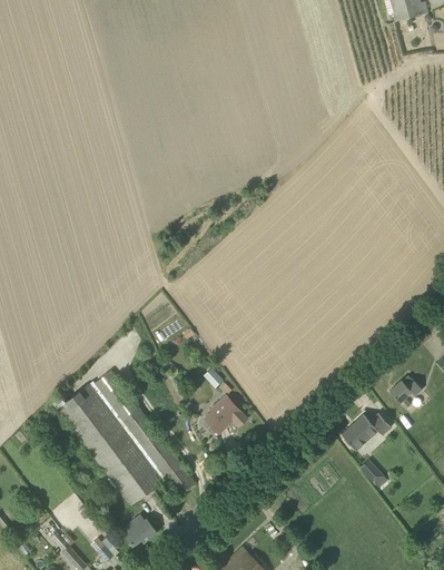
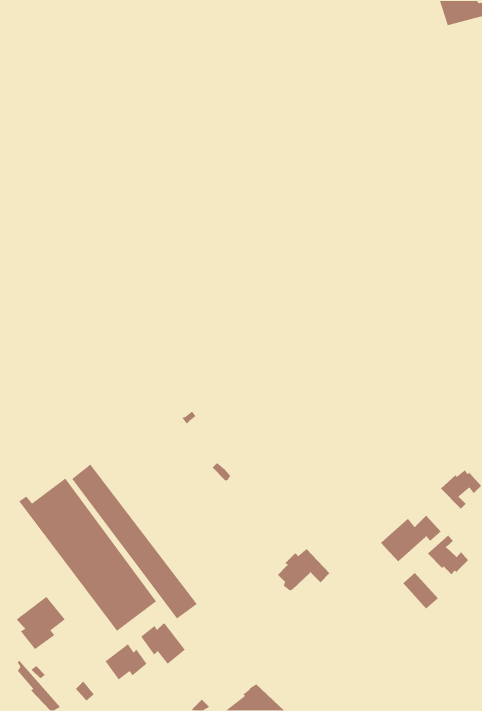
building: [205,397,247,432] -> [277,548,330,591]
building: none -> [427,535,469,575]
building: none -> [16,596,66,650]
building: none -> [140,622,186,665]

